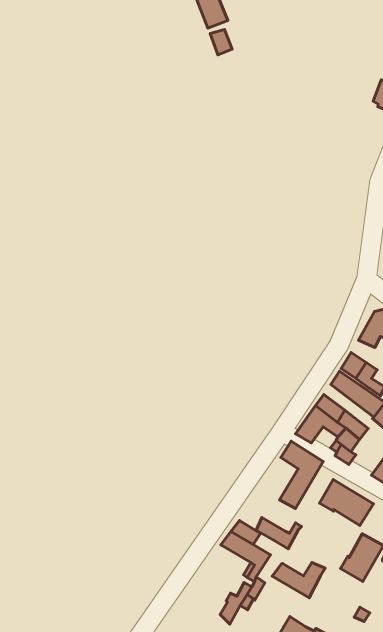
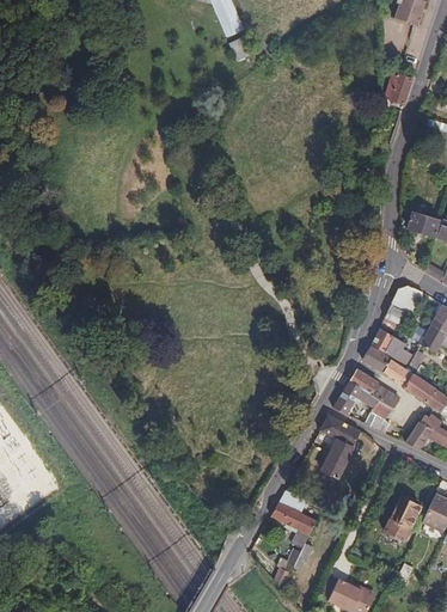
building: [319,480,373,525] -> none
building: [256,517,301,549] -> none
building: [272,562,325,598] -> none

